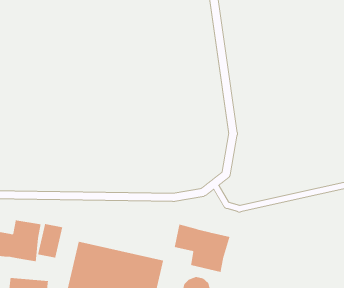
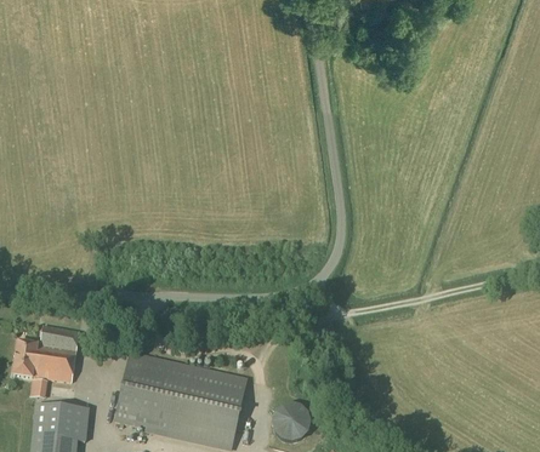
building: [37,223,63,259] -> none
building: [174,223,230,273] -> none

